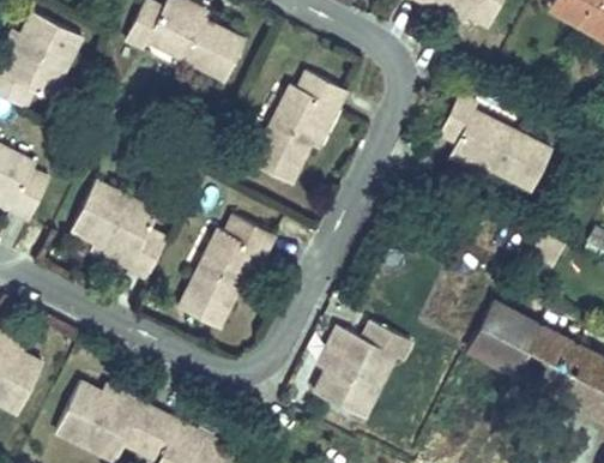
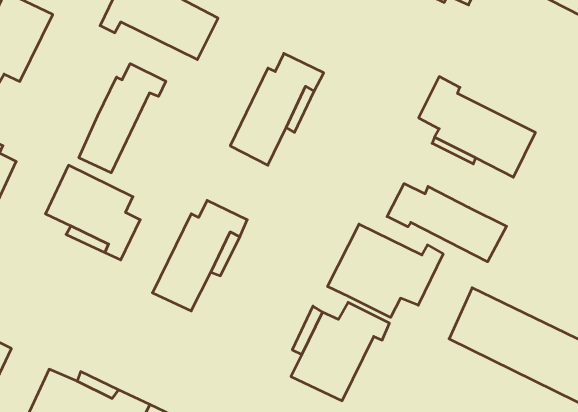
building: none -> [79,64,166,173]
building: none -> [387,184,507,262]
building: none -> [328,224,443,317]

